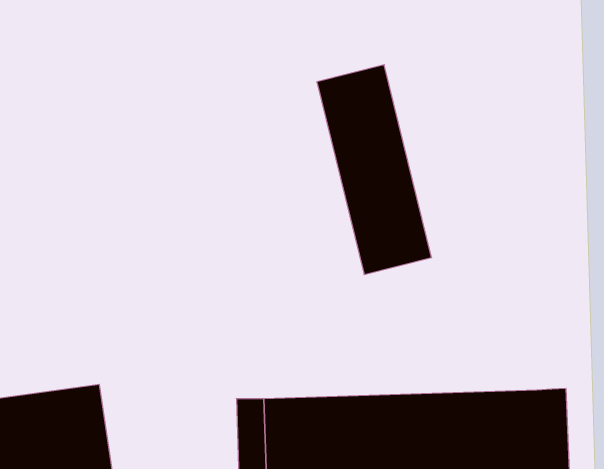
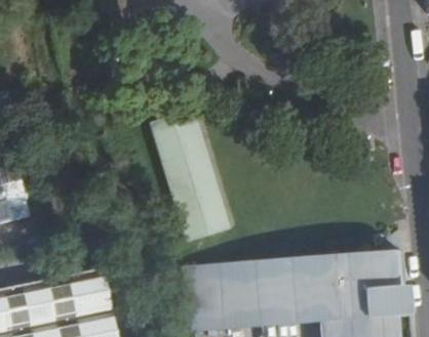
building: [317,65,432,275] -> [153,111,232,244]

